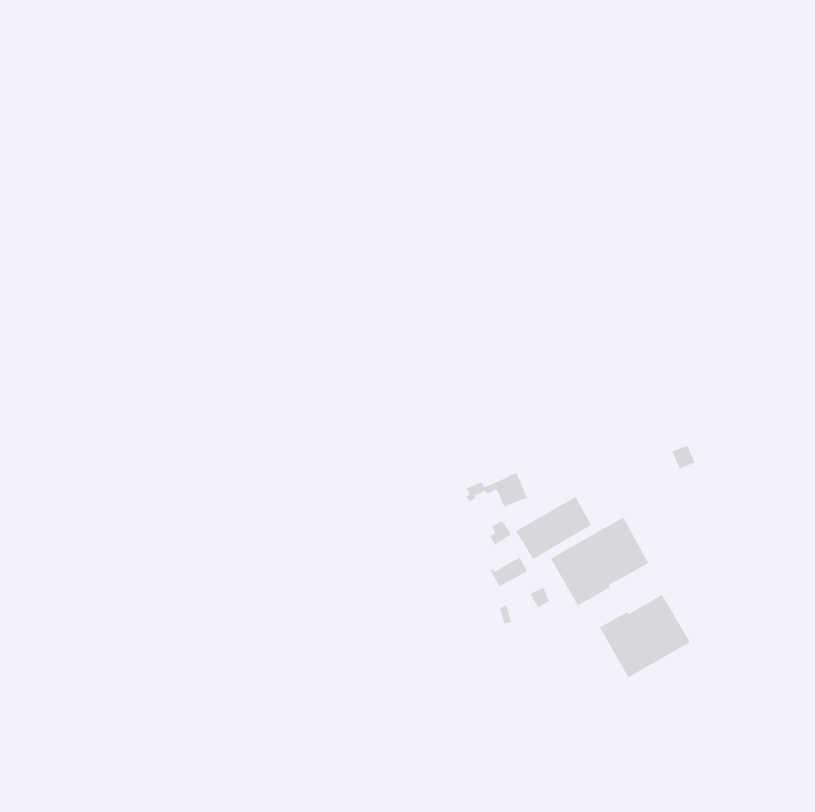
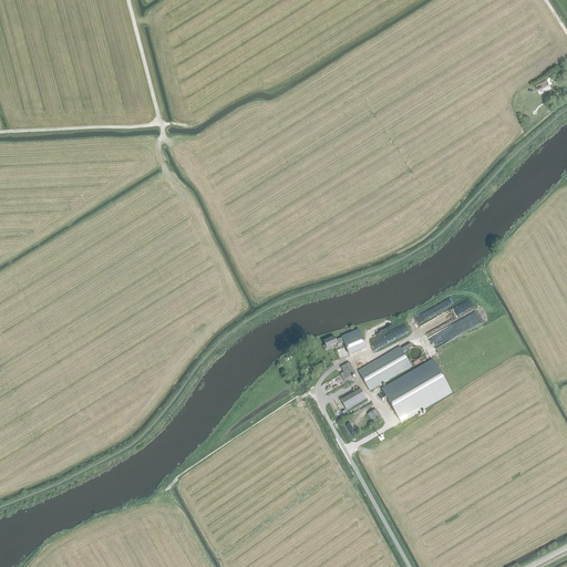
building: [599,594,690,678] -> none

